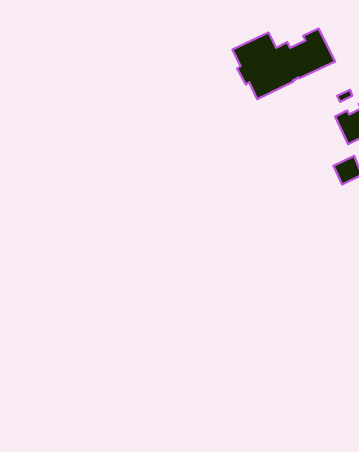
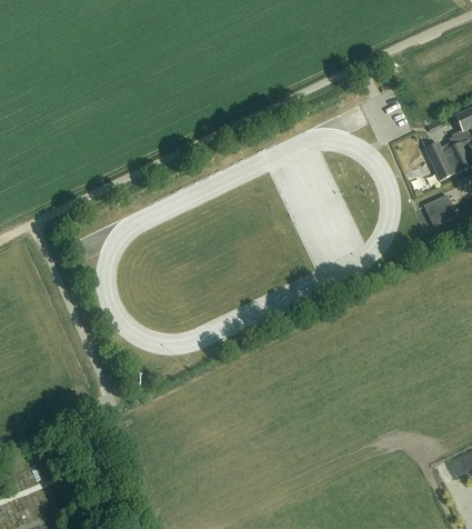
building: [233,29,335,99] -> none

